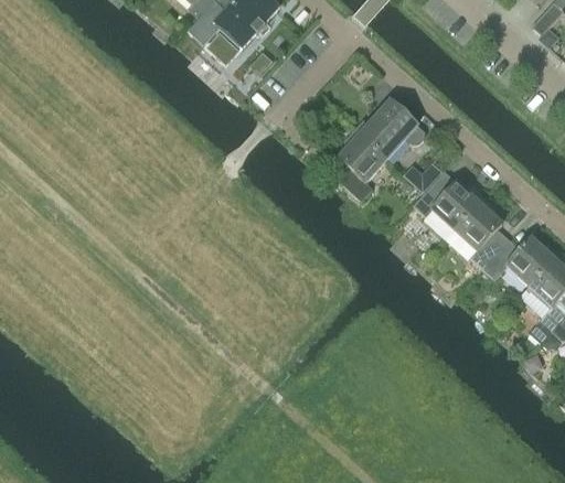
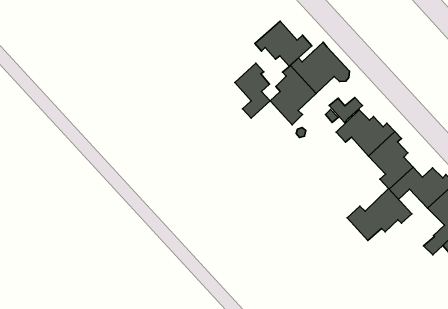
building: none -> [255,21,312,66]
building: none -> [235,63,270,118]
building: none -> [347,189,412,240]

